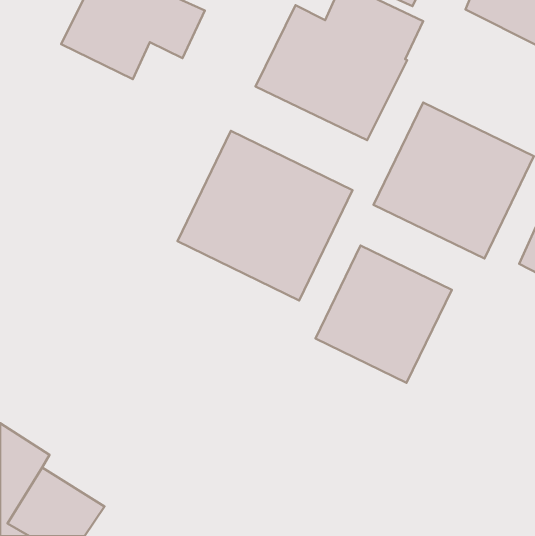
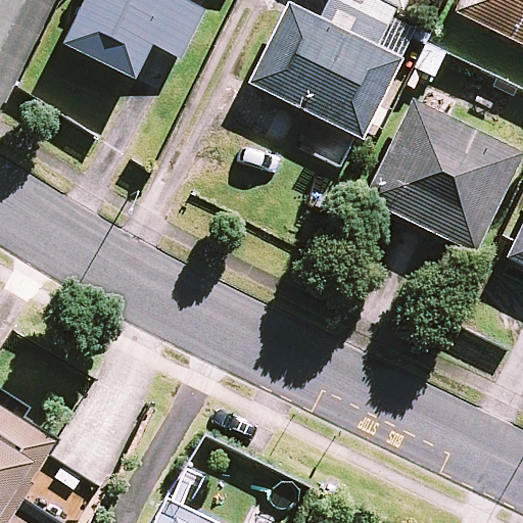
building: [177,131,353,301] -> none
building: [316,246,452,383] -> none

